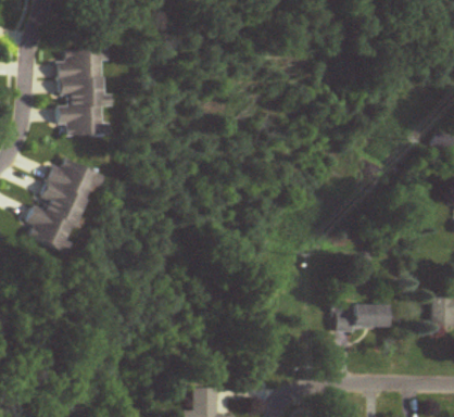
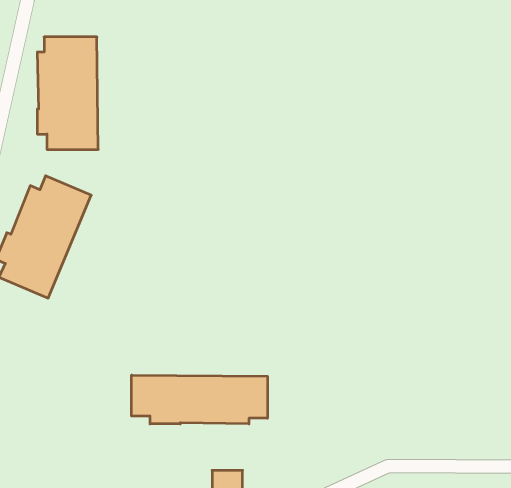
building: [336,304,388,331] -> none
building: none -> [132,375,267,424]

